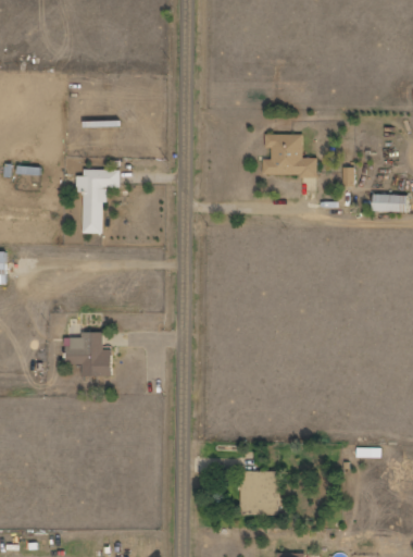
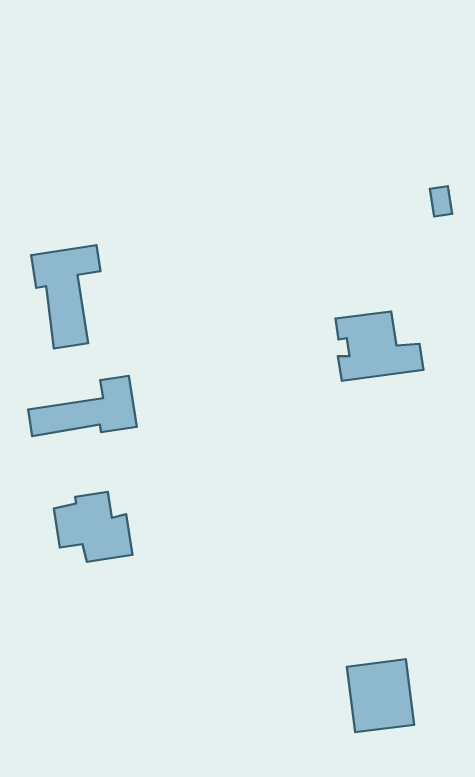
building: [263,133,317,175] -> [335,311,423,381]
building: none -> [28,376,137,436]

